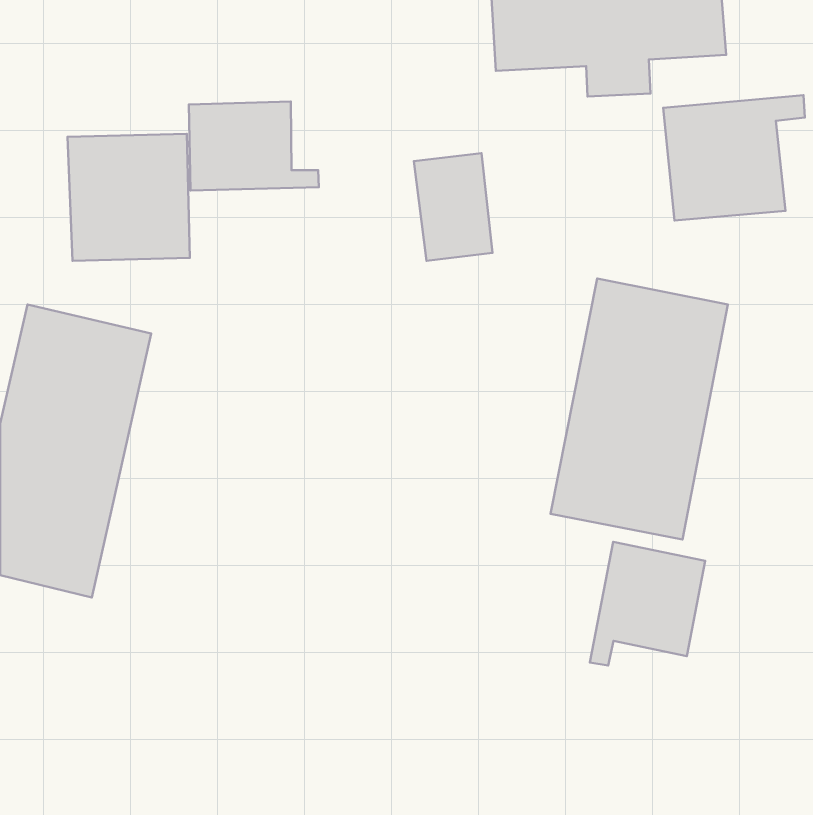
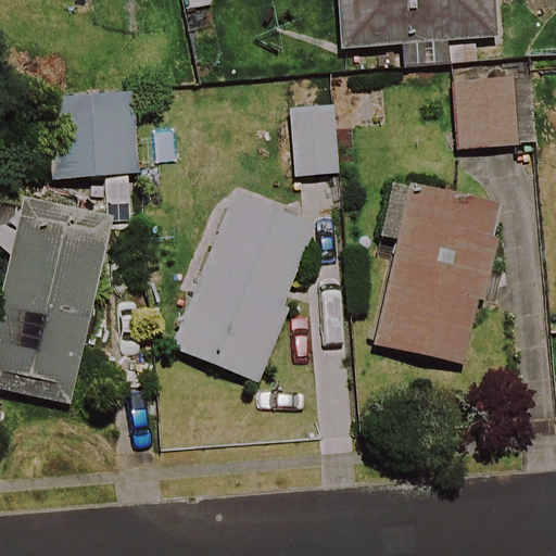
building: [189,101,319,191] -> none
building: none -> [173,195,314,379]
building: [590,542,705,666] -> none

